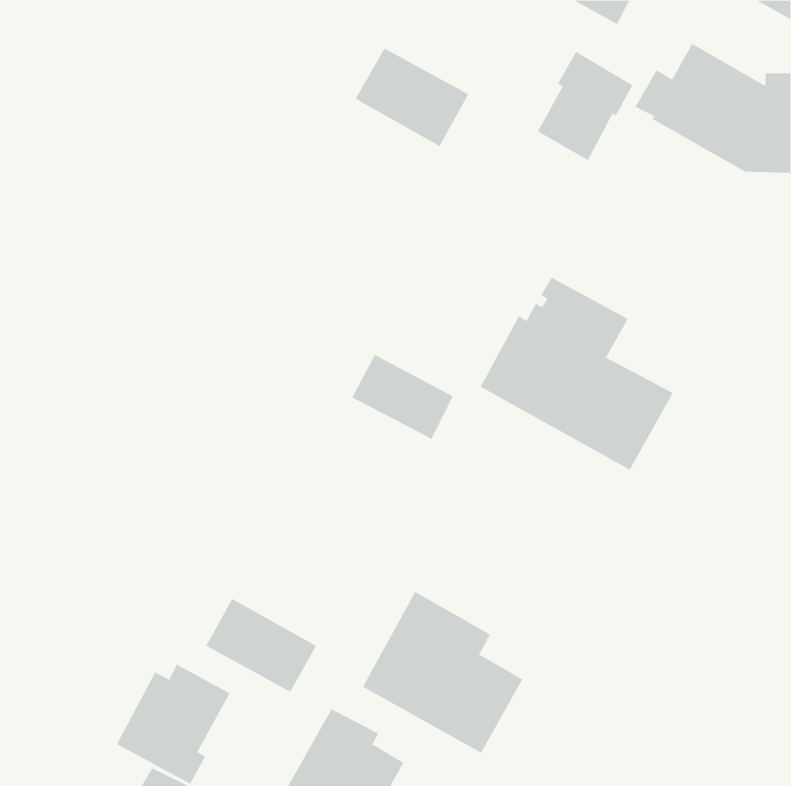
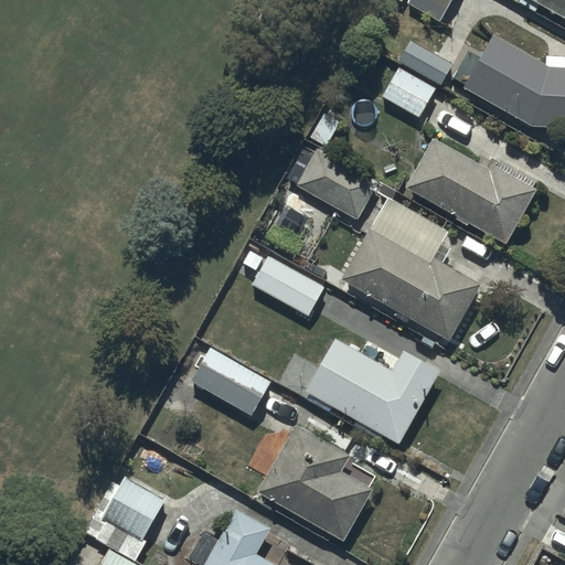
building: [355,48,469,147] -> [296,149,377,220]
building: none -> [404,138,537,245]
building: none -> [305,338,440,445]
building: [205,598,317,692] -> [191,348,270,415]

